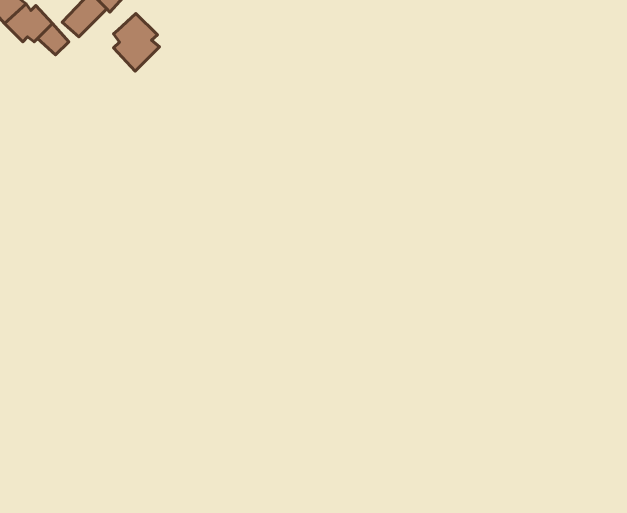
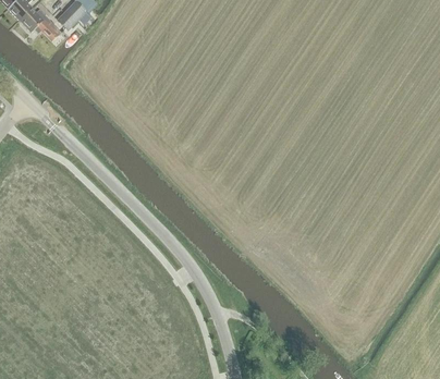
building: [113,13,159,71] -> none

